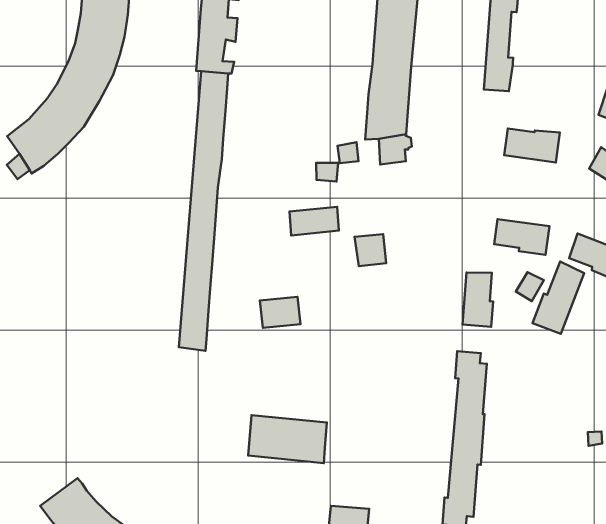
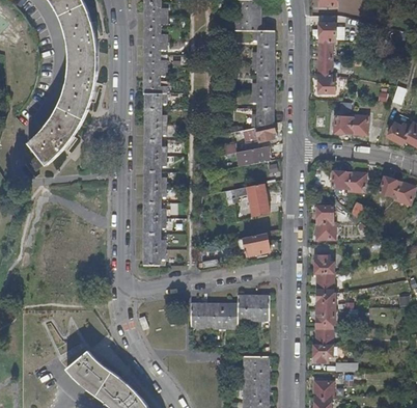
building: [289,207,339,235] -> [240,146,271,166]
building: [533,261,584,334] -> none
building: [260,297,300,328] -> [244,236,270,256]
building: none -> [239,295,270,321]

